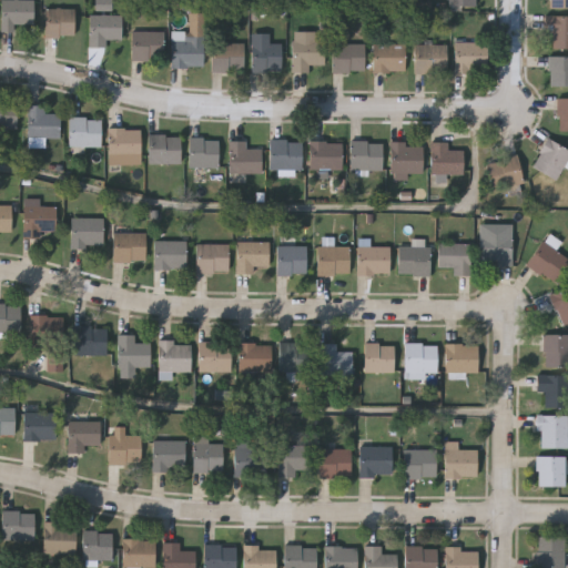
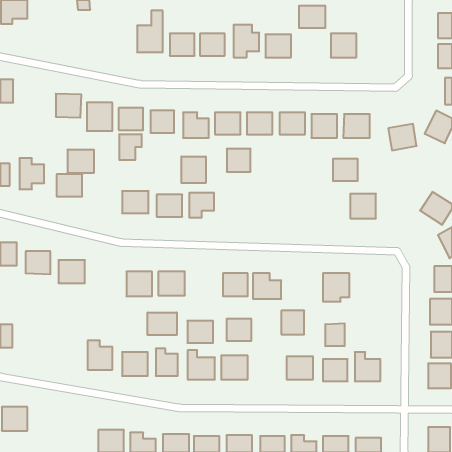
building: [45,8,74,36] -> none
building: [89,14,122,47] -> none
building: [132,30,164,60] -> none
building: [455,42,488,72] -> none
building: [372,44,405,72] -> [299,6,325,28]
building: [28,105,60,139] -> none
building: none -> [119,134,142,160]
building: none -> [181,156,206,183]
building: [113,233,146,262] -> [67,150,94,173]
building: [479,233,513,264] -> none
building: [277,245,307,274] -> [227,149,251,172]
building: [317,246,349,274] -> none
building: [357,246,390,274] -> none
building: [399,246,430,274] -> [333,159,358,181]
building: [119,334,150,367] -> none
building: [239,343,271,371] -> [187,321,213,343]
building: [365,343,394,373] -> [281,311,304,334]
building: [446,344,478,373] -> none
building: none -> [148,312,177,335]
building: none -> [325,323,344,346]
building: [23,412,55,439] -> none
building: [70,413,100,452] -> none
building: [320,449,351,477] -> [227,319,251,341]
building: [43,521,75,554] -> none
building: [83,530,113,559] -> none

